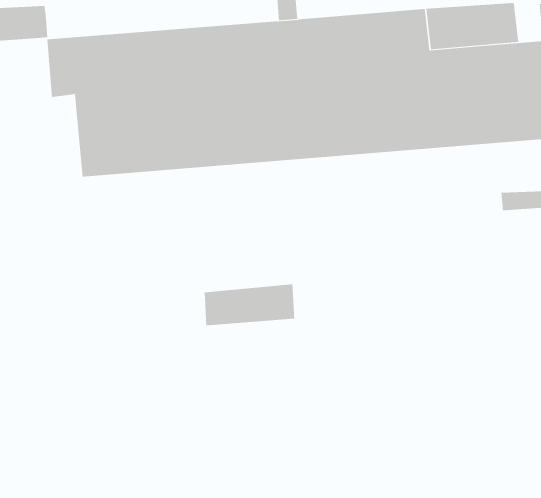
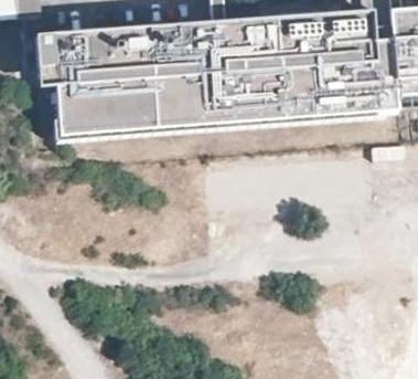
building: [204,283,295,326] -> none

